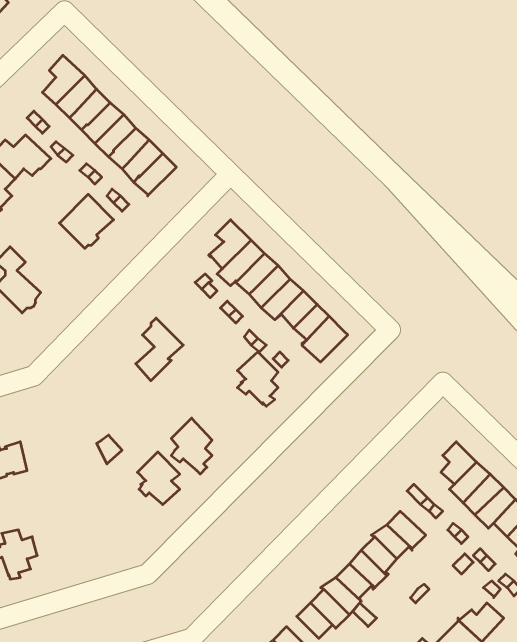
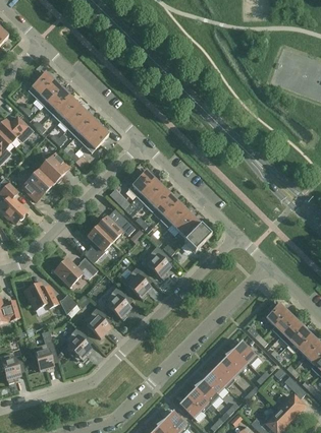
building: none -> [21,168,53,200]
building: none -> [96,214,135,241]
building: none -> [54,256,97,285]
building: none -> [125,264,150,298]
building: none -> [25,282,58,308]
building: none -> [65,325,90,359]
building: none -> [32,339,57,369]

